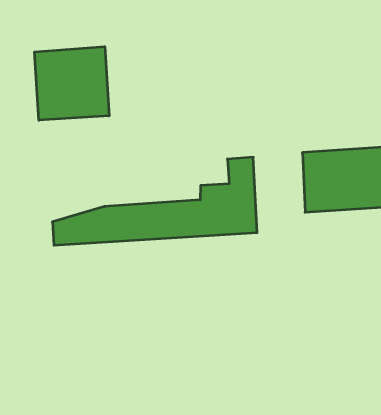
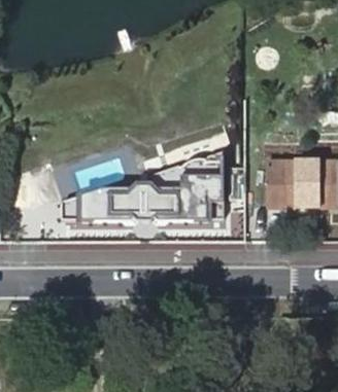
building: [35,47,109,120] -> none

